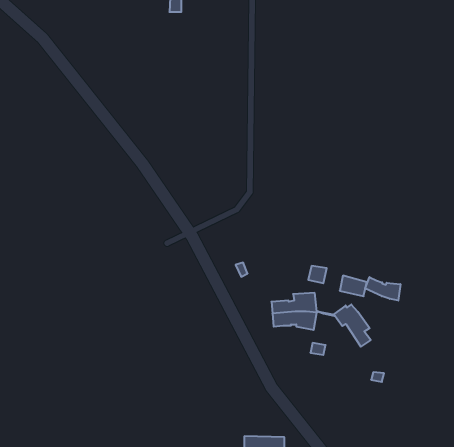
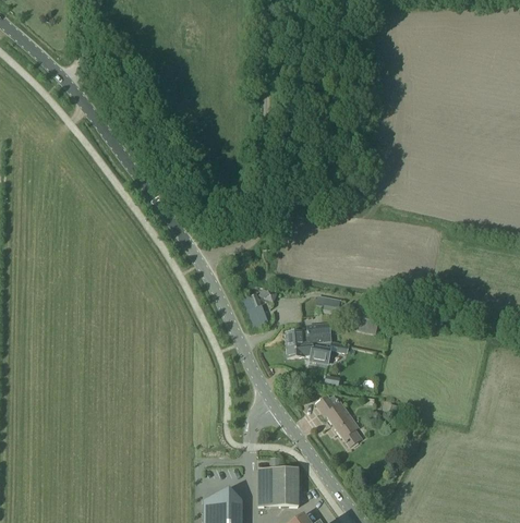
building: [365,277,400,301] -> none
building: [334,304,371,347] -> [316,394,353,437]

